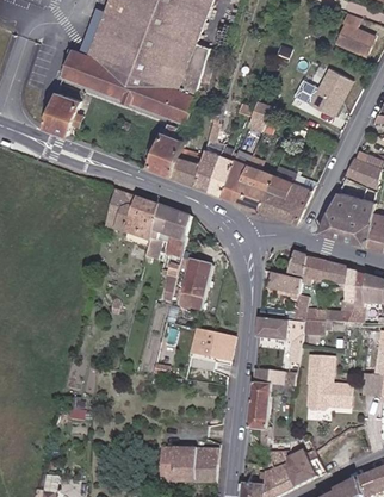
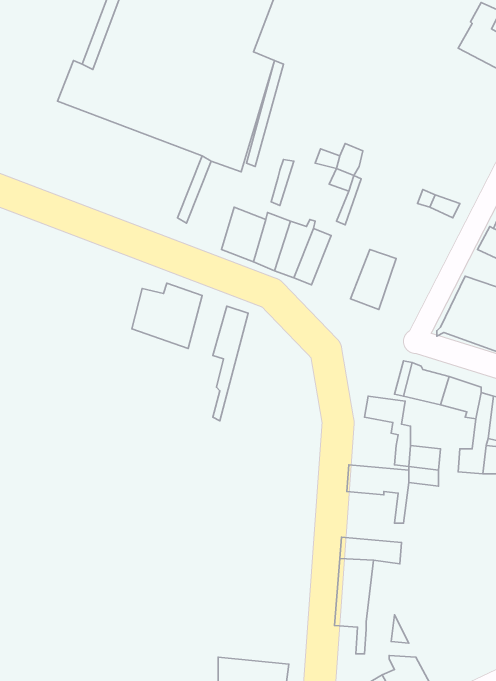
building: [309,68,352,117] -> none
building: [43,89,79,132] -> none
building: [150,133,181,174] -> none
building: [234,164,273,207] -> none
building: [279,173,316,220] -> none
building: [144,205,176,262] -> none
building: [179,259,210,309] -> none
building: [188,329,235,362] -> none
building: [305,355,349,409] -> none

